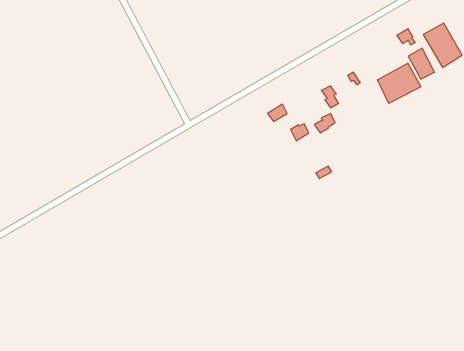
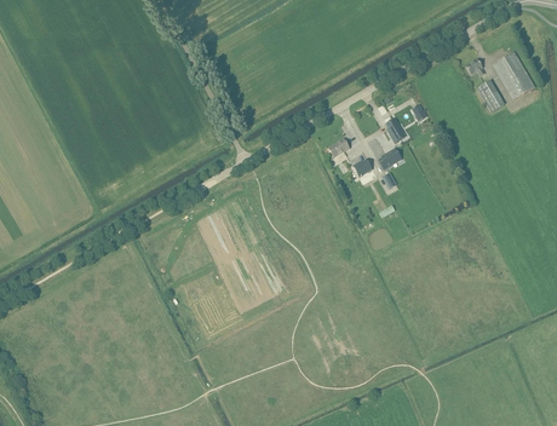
building: [378,63,421,103] -> none

